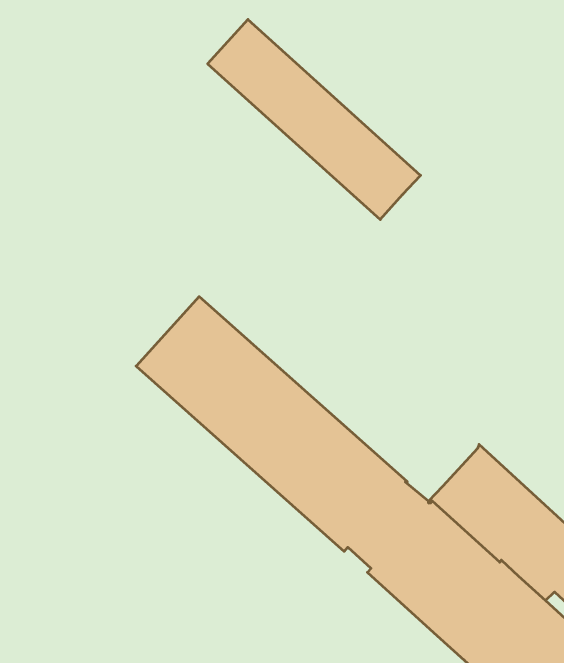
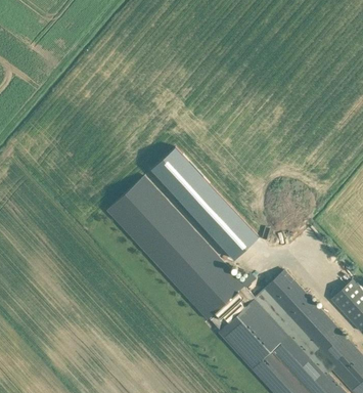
building: [208,19,421,220] -> [151,147,259,260]

